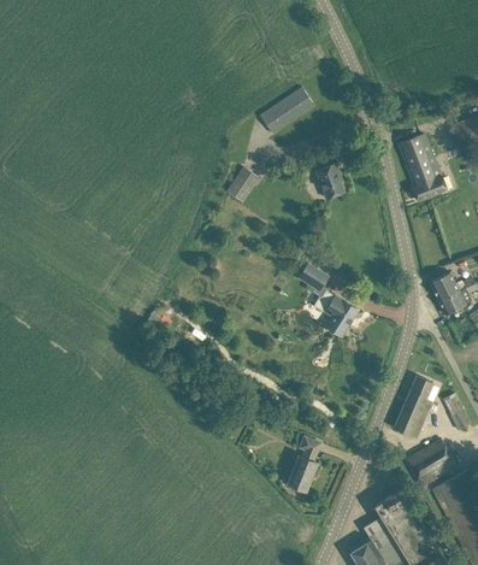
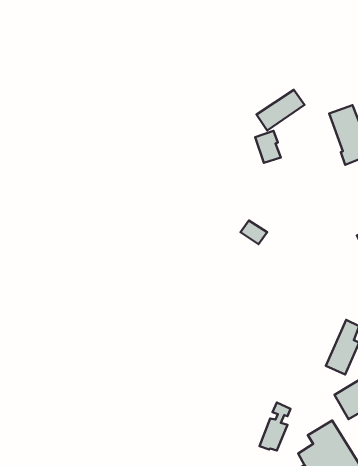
building: [259,88,313,134] -> [257,90,305,130]
building: [226,167,258,201] -> none
building: [314,290,358,336] -> none
building: [284,436,319,490] -> [260,402,291,451]

